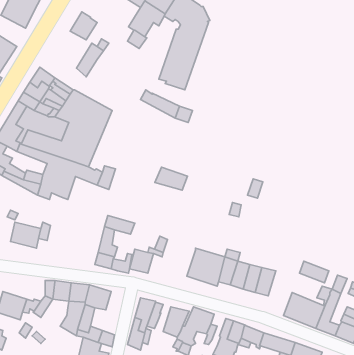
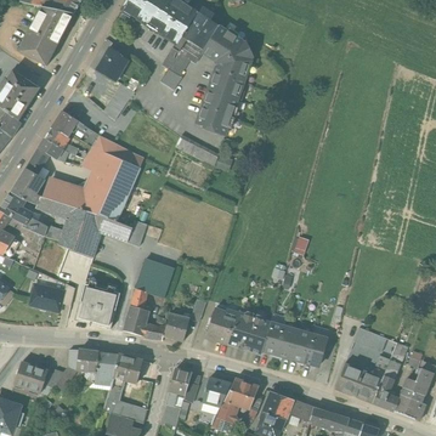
building: [155,167,187,190] -> [138,259,175,284]
building: none -> [75,283,119,328]
building: none -> [204,307,237,344]

